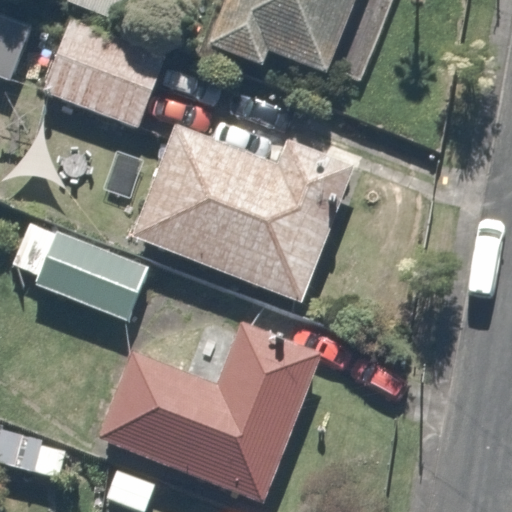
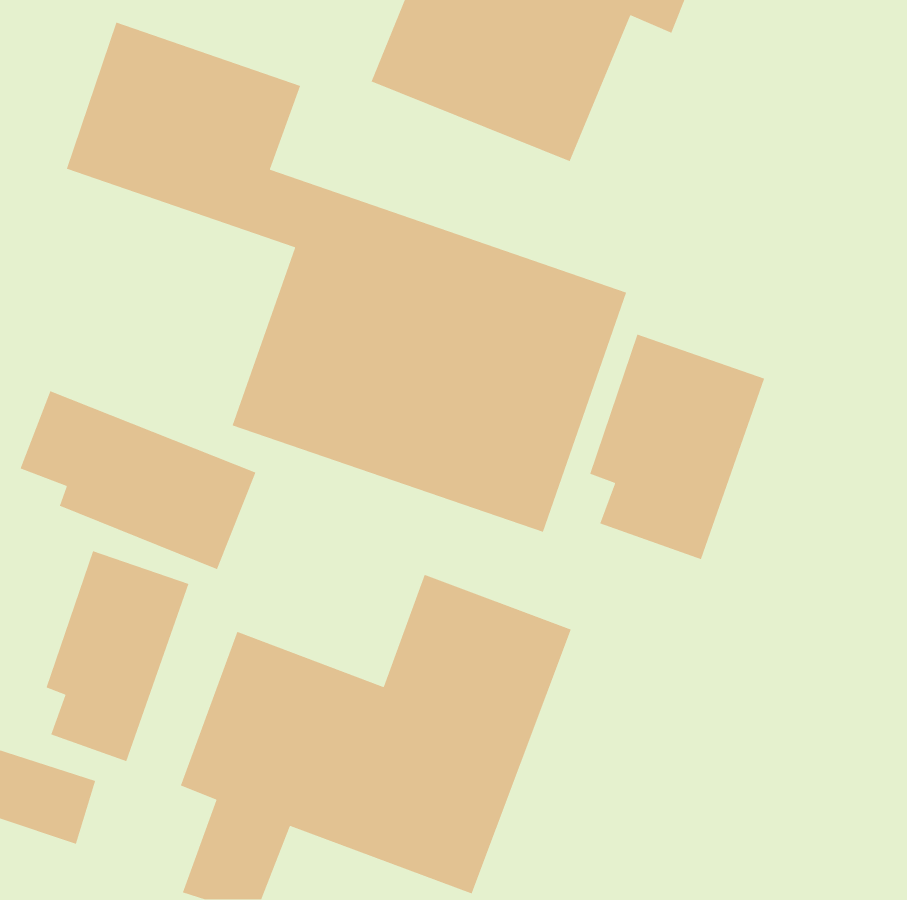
building: none -> [589,334,765,560]
building: none -> [46,550,189,762]

